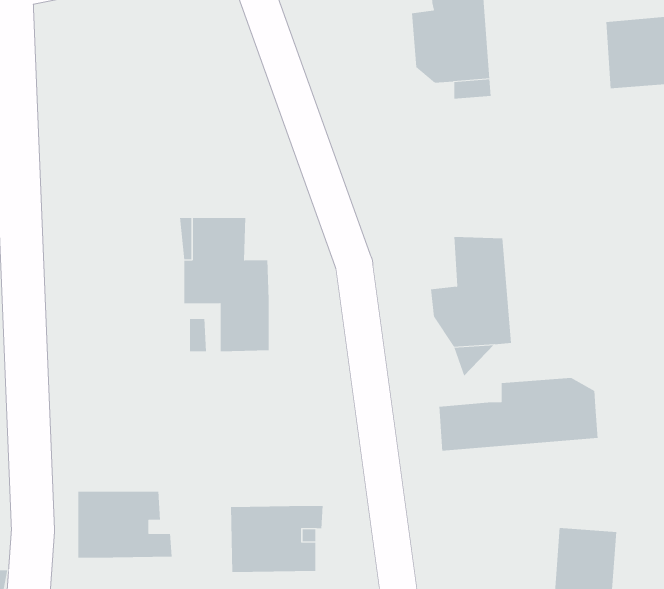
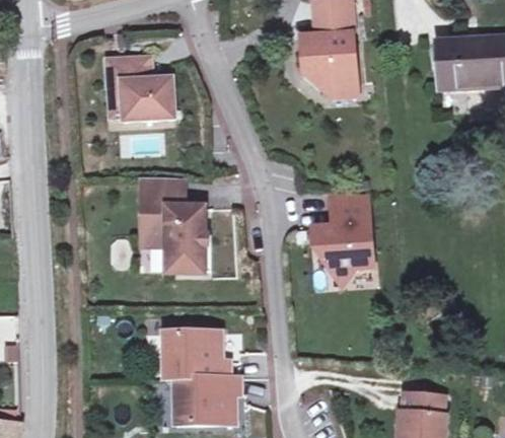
building: none -> [105,56,174,120]
building: [439,377,598,452] -> none
building: [77,491,172,558] -> [164,332,230,378]

